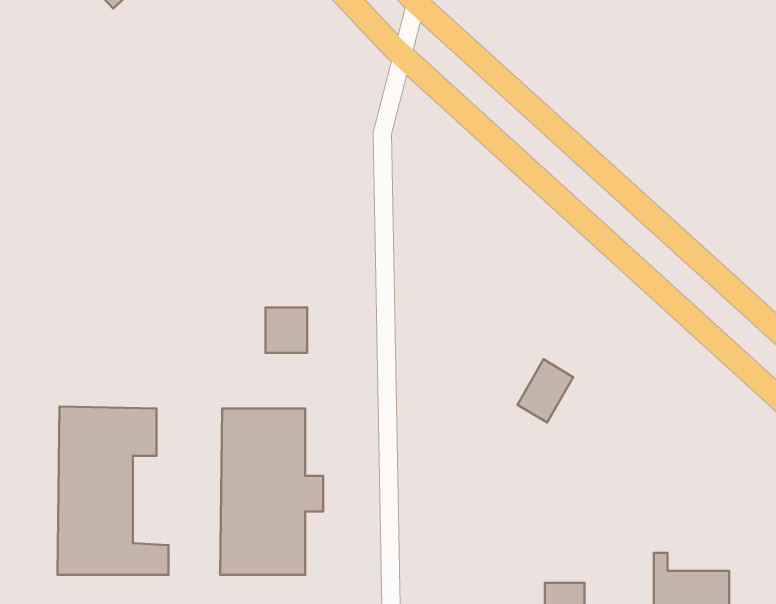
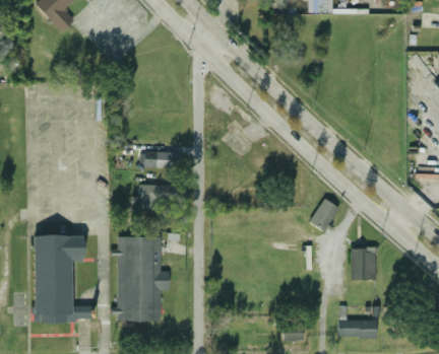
building: none -> [144,150,174,167]
building: [518,359,573,423] -> [311,198,339,230]
building: none -> [353,247,377,280]

